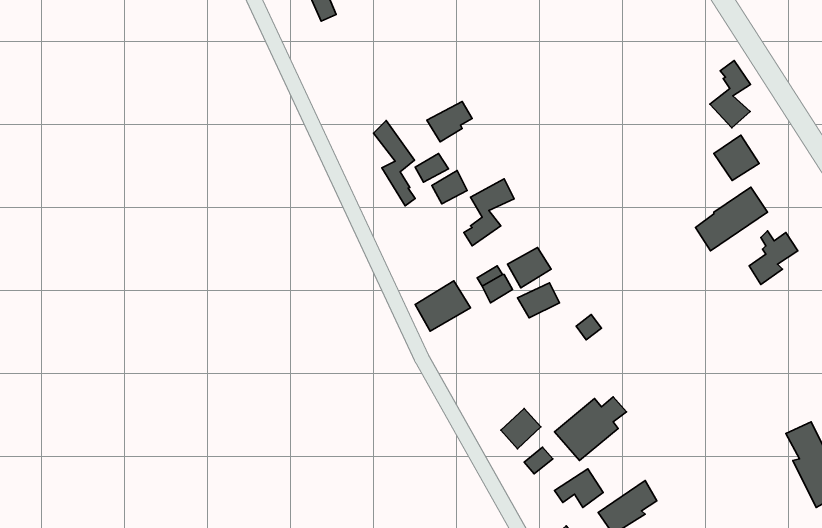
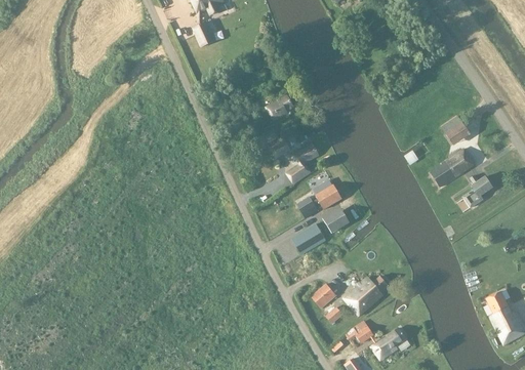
building: [710,61,751,128] -> none
building: [373,120,415,206] -> none
building: [415,281,470,331] -> [292,223,326,254]

